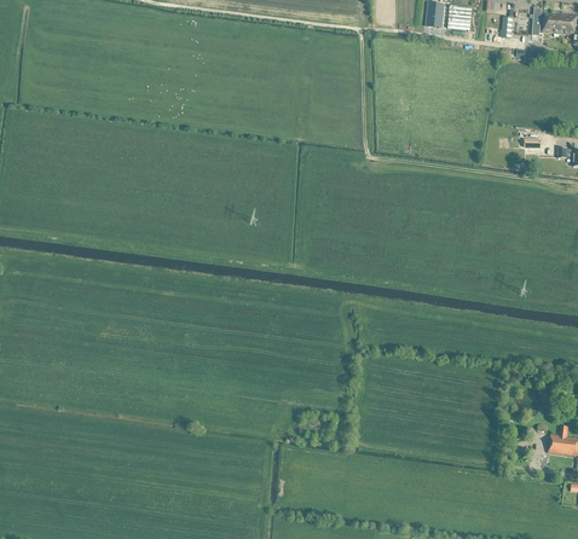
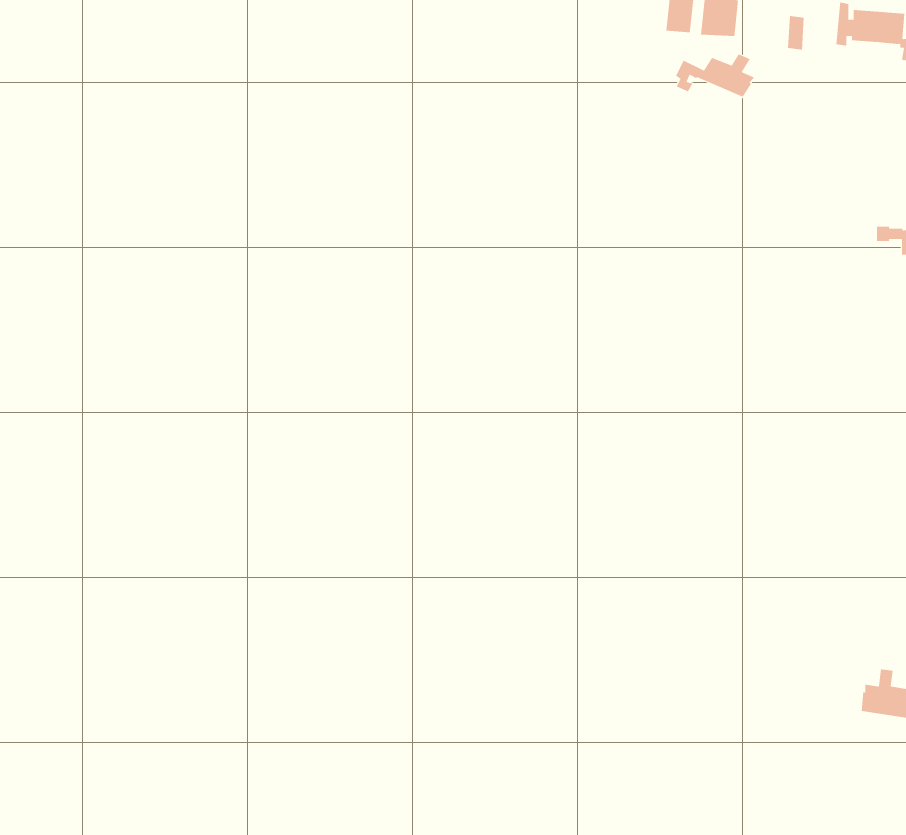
building: none -> [675,53,755,98]

